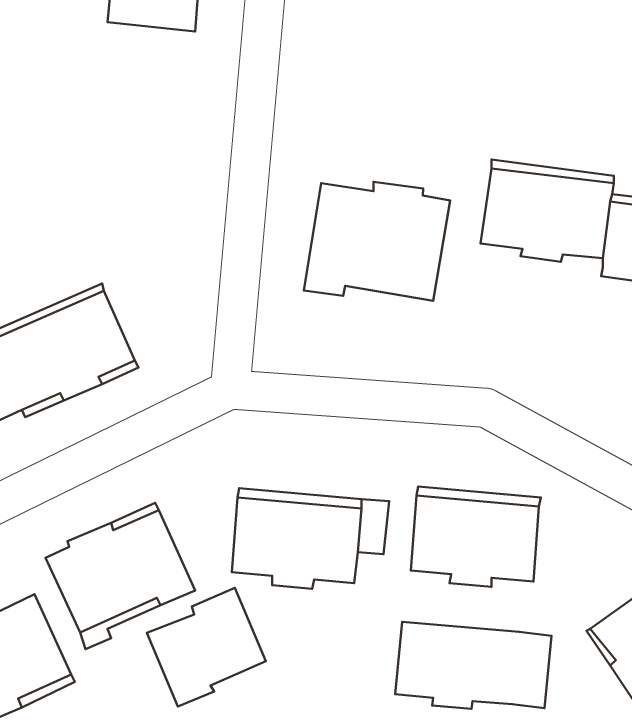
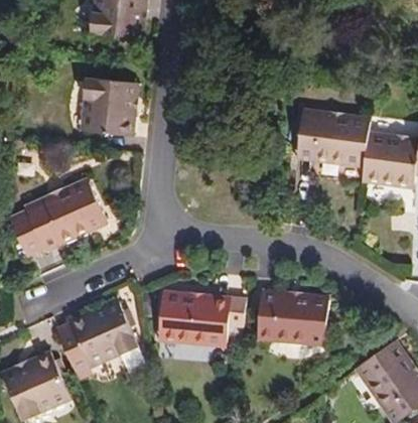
building: none -> [84,78,135,136]
building: [304,182,450,301] -> none
building: [147,588,266,706] -> none
building: [395,622,552,709] -> none

